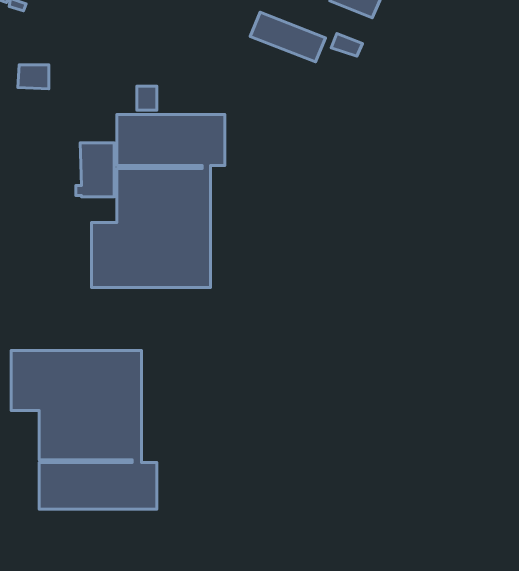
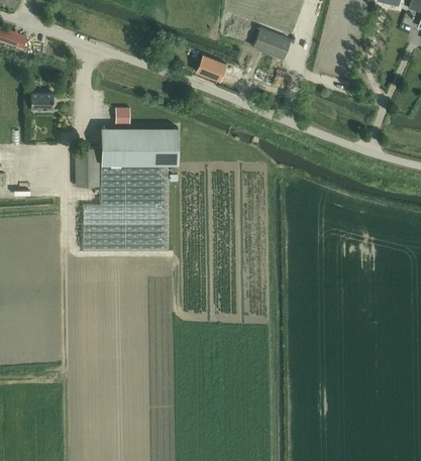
building: [11,351,157,509] -> none

